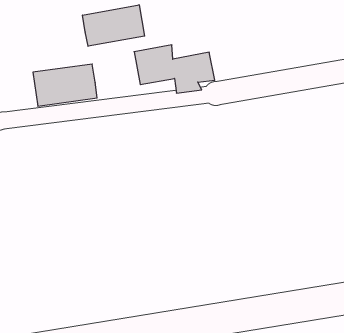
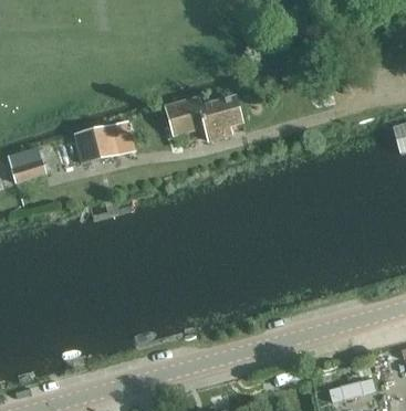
building: [83,5,145,46] -> none

